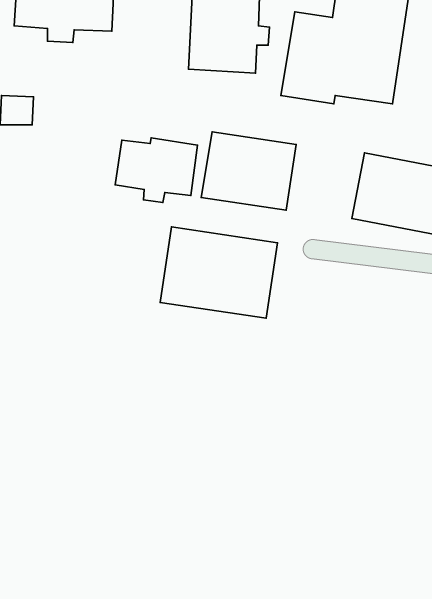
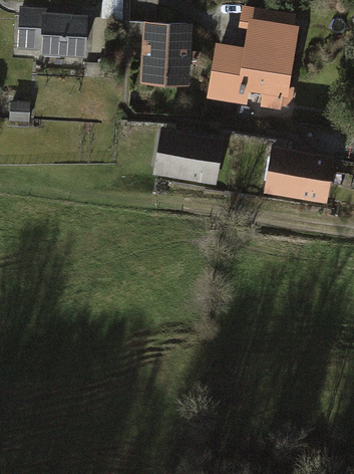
building: [115,138,197,203] -> none
building: [160,227,278,318] -> none

